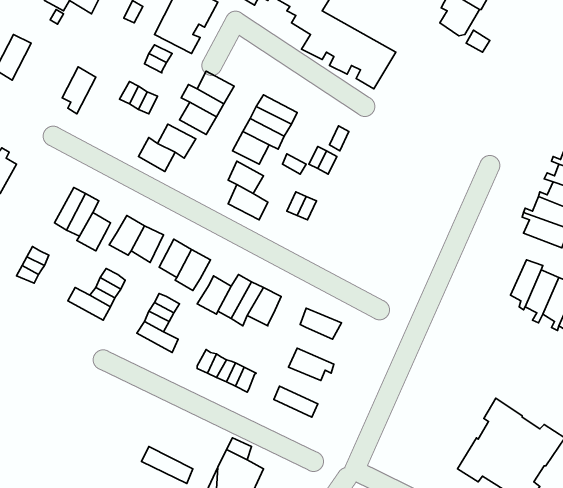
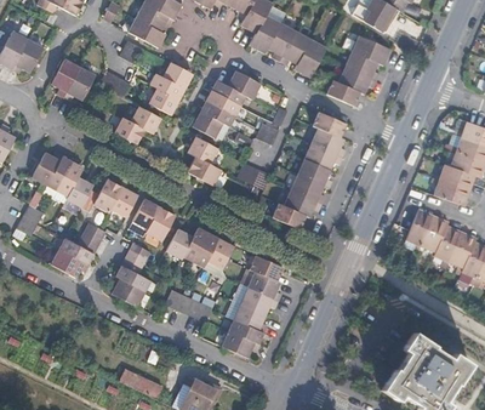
building: none -> [12,38,45,72]
building: none -> [330,38,393,104]
building: none -> [65,66,97,99]
building: none -> [224,68,262,98]
building: none -> [274,110,348,227]
building: none -> [32,152,63,186]
building: none -> [406,207,436,251]
building: none -> [50,250,90,279]
building: none -> [247,272,281,302]
building: none -> [110,277,144,307]
building: none -> [233,304,268,335]
building: none -> [221,331,259,360]

